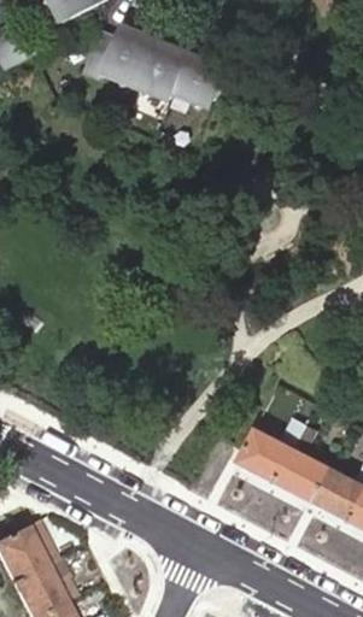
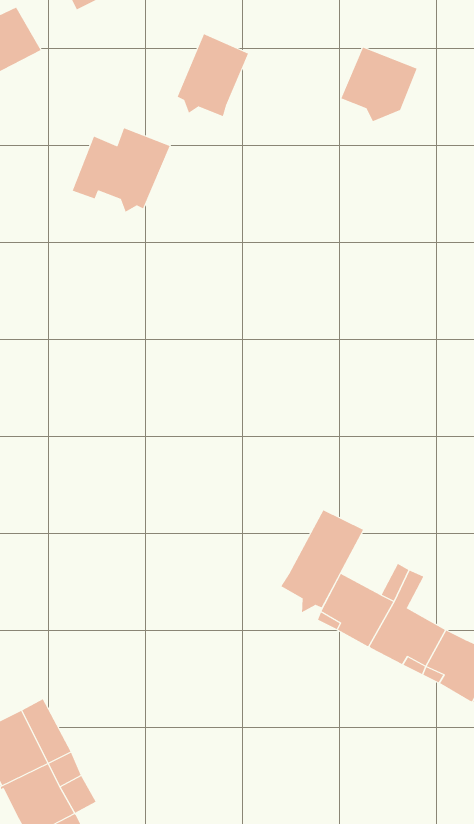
building: [84,25,156,87] -> [72,127,170,213]
building: [172,53,228,107] -> [341,47,418,122]
building: none -> [280,509,364,613]

